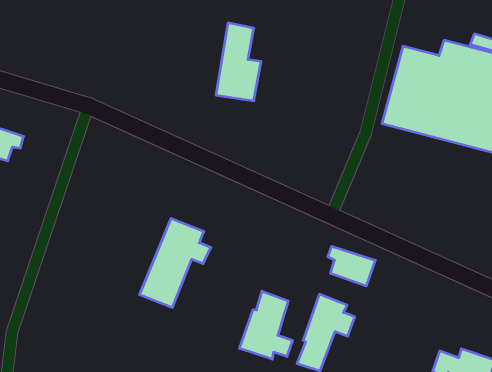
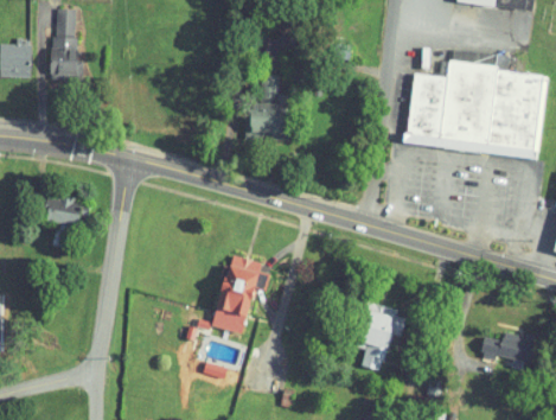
building: [328,246,375,286] -> none
building: [240,291,292,359] -> none

